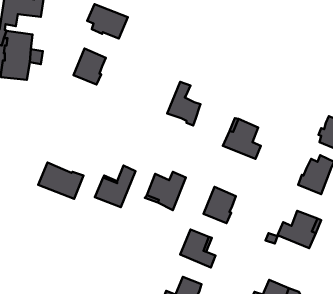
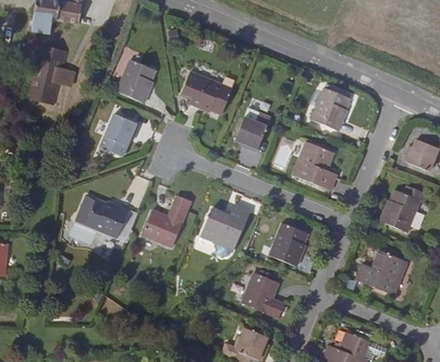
building: [87,4,128,39] -> [184,73,232,113]
building: none -> [311,88,349,131]
building: none -> [100,113,138,156]

